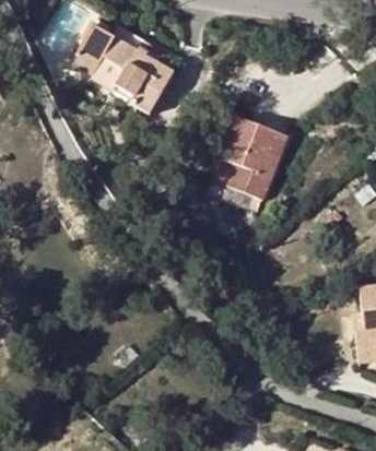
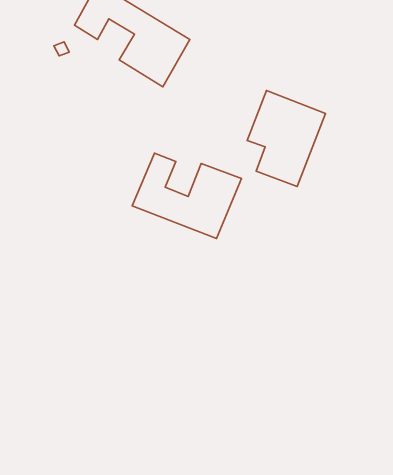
building: none -> [132,153,241,238]

